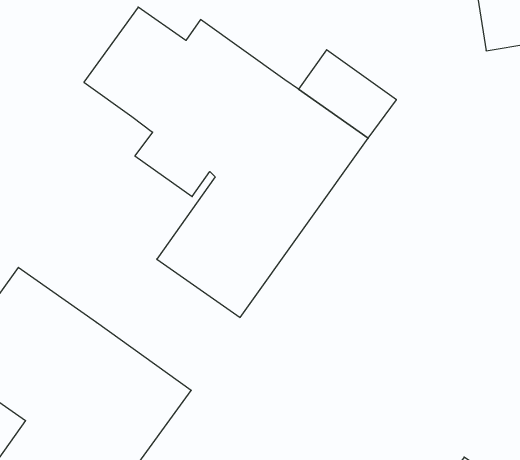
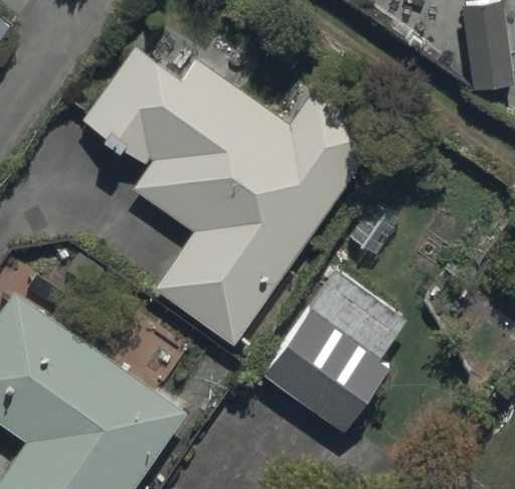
building: none -> [267,311,394,434]

